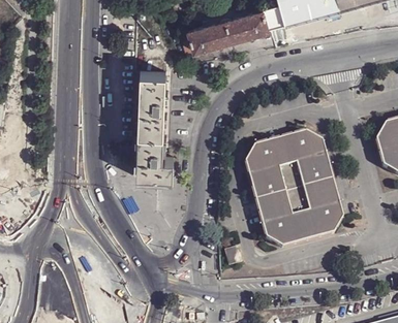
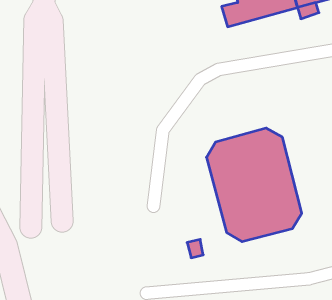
building: [188,9,268,51] -> none
building: [139,72,174,176] -> none

